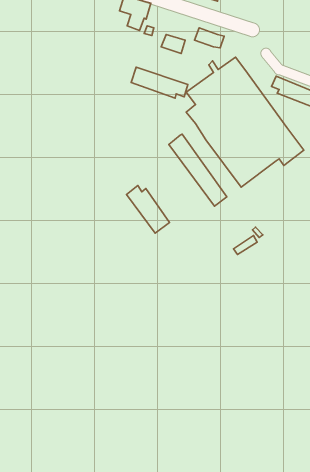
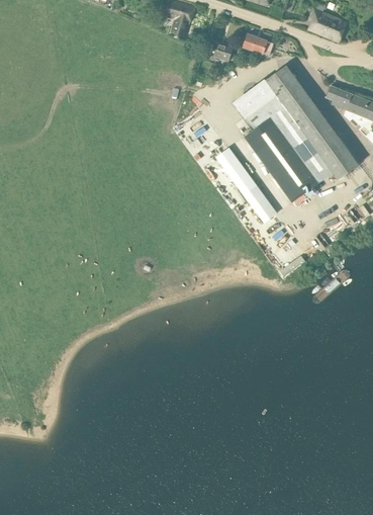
building: none -> [308,9,346,41]
building: [131,67,188,98] -> none
building: [127,186,170,233] -> none

